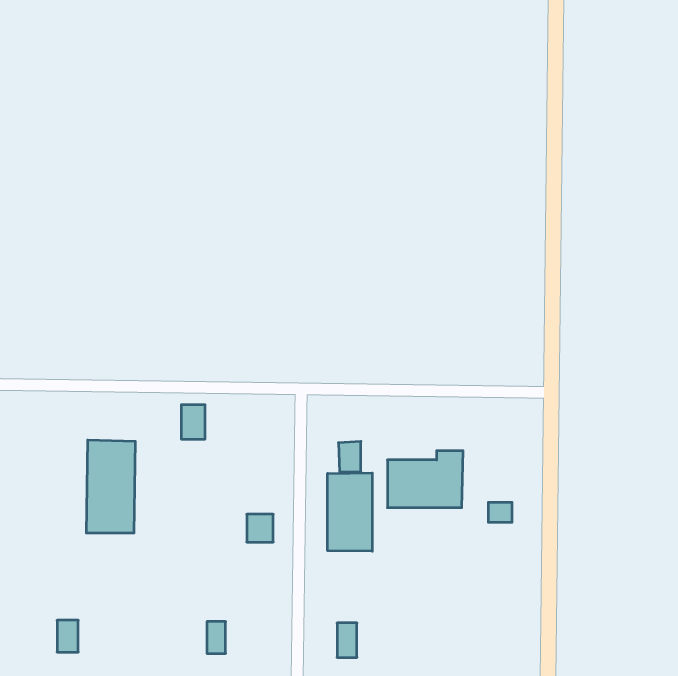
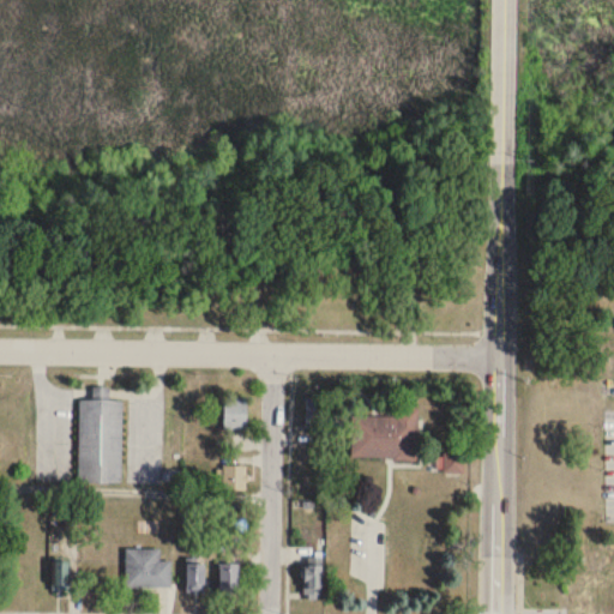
building: [181,405,205,439] -> [224,399,246,431]
building: [328,473,372,551] -> none
building: none -> [125,549,171,588]
building: none -> [219,565,239,594]

